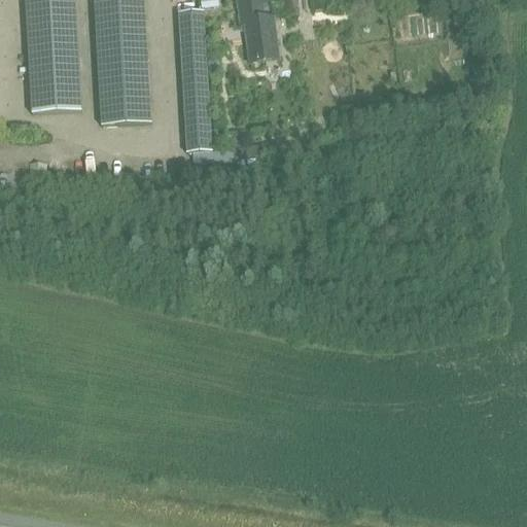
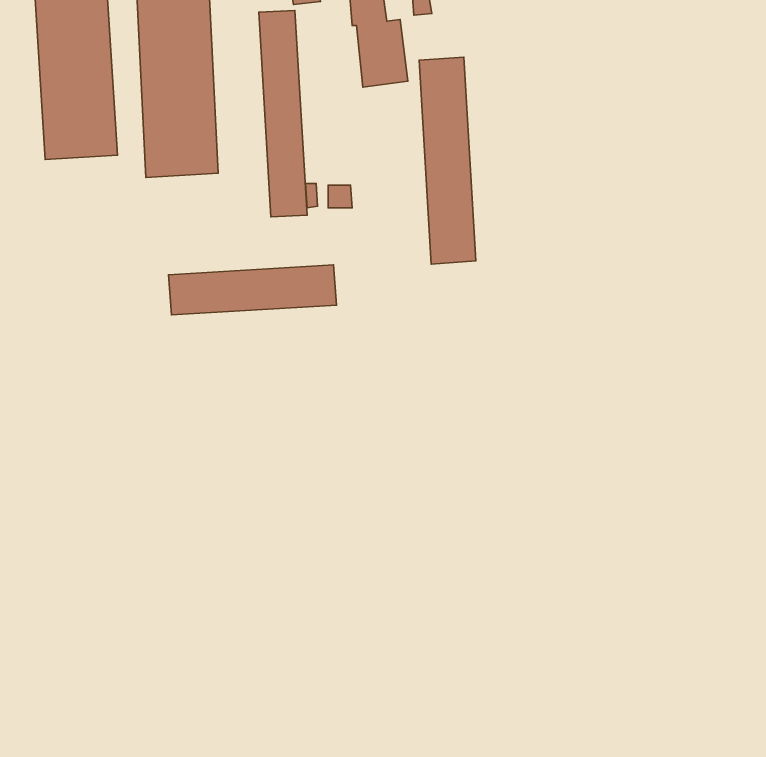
building: none -> [419,57,476,264]
building: none -> [168,265,336,315]

